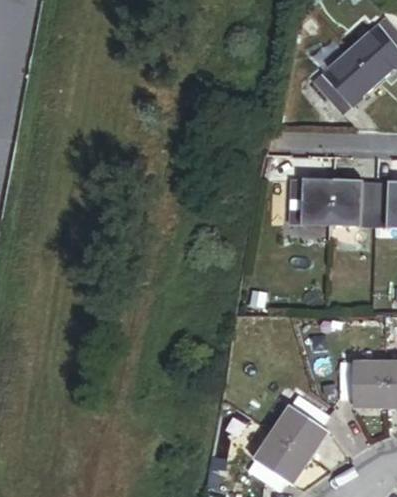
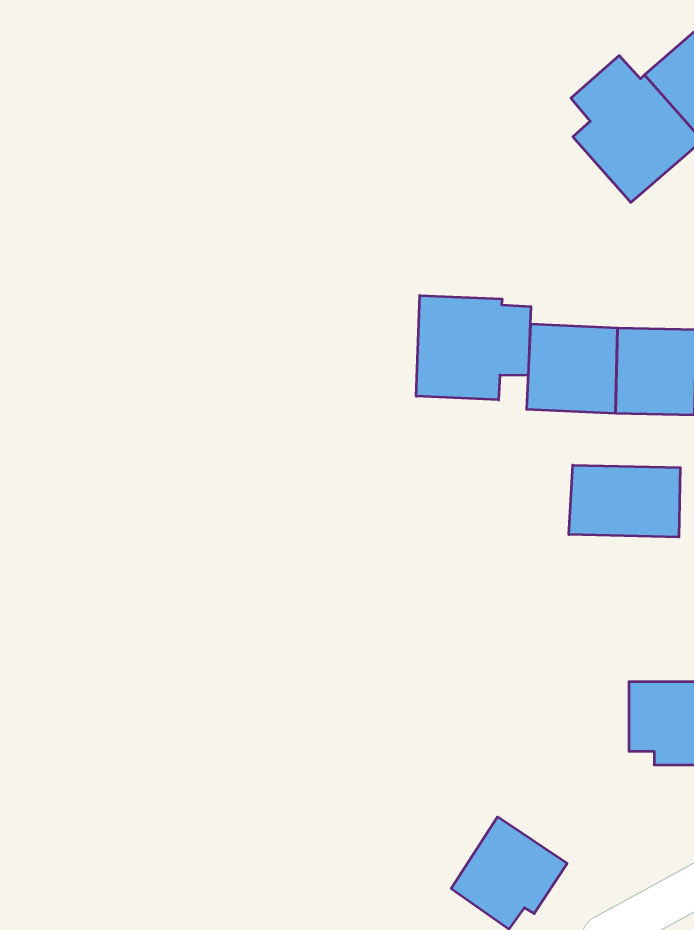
building: none -> [416,295,531,400]
building: none -> [569,465,680,537]
building: [273,394,330,456] -> none

